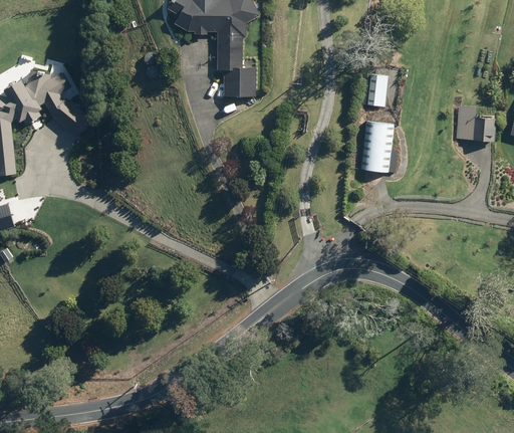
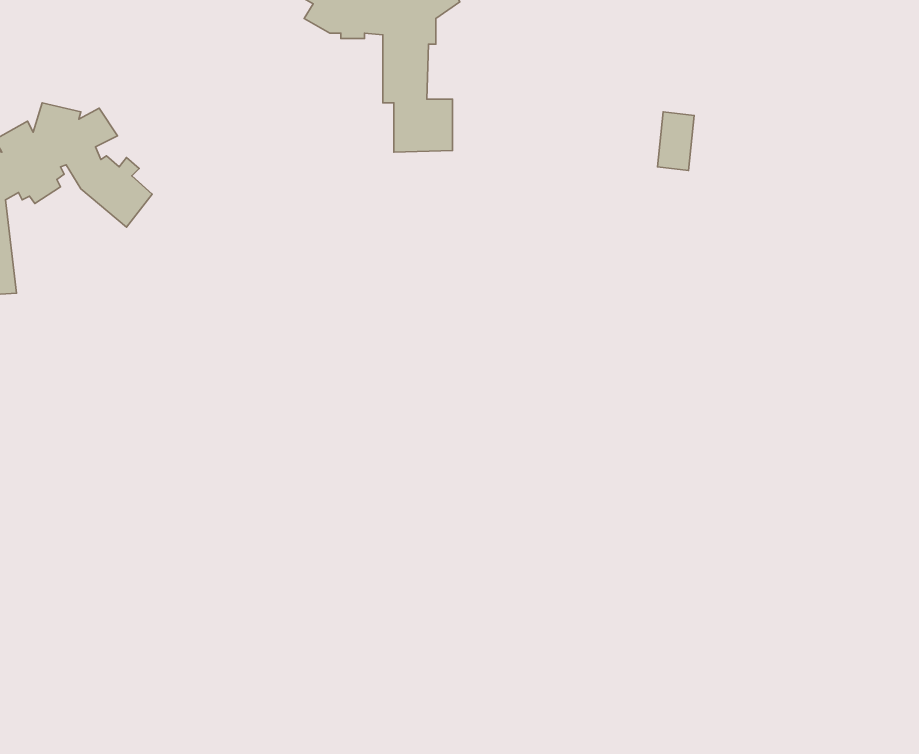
building: [455,105,496,141] -> none
building: [360,121,397,173] -> none

